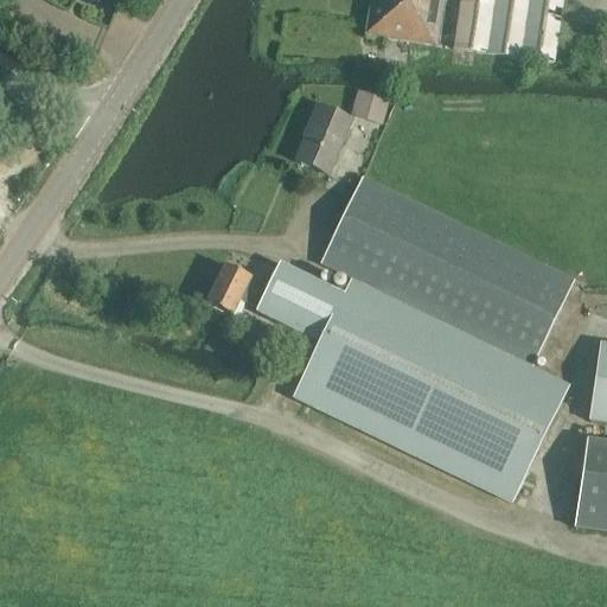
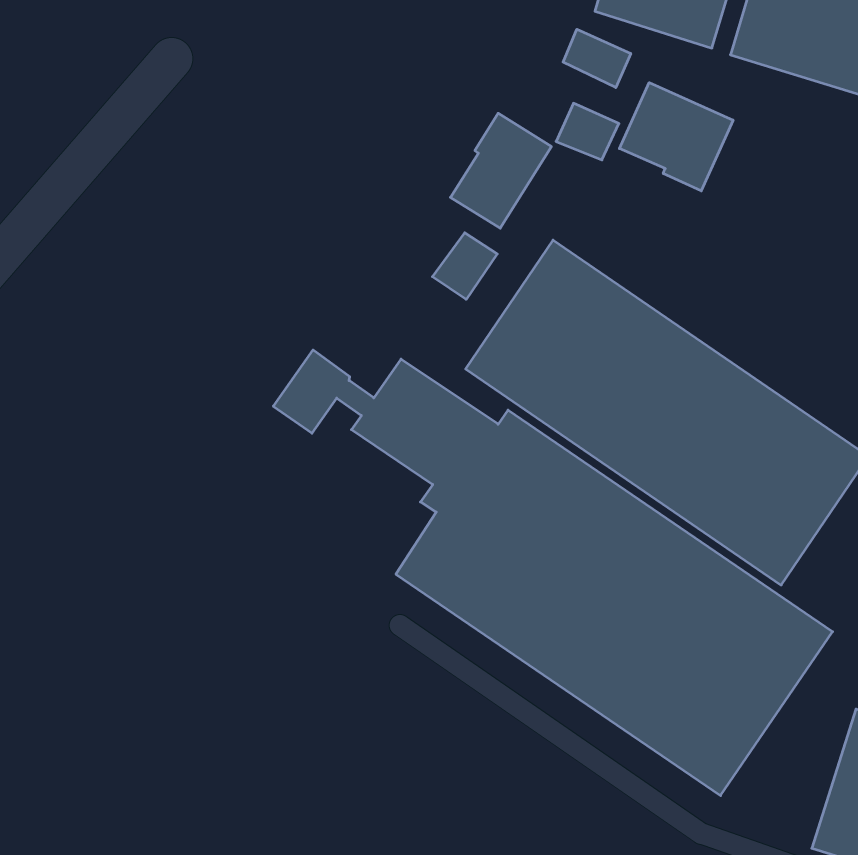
building: none -> [563,29,631,88]
building: none -> [619,83,733,191]
building: none -> [432,233,497,299]

